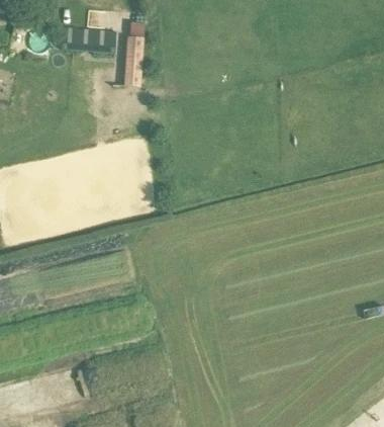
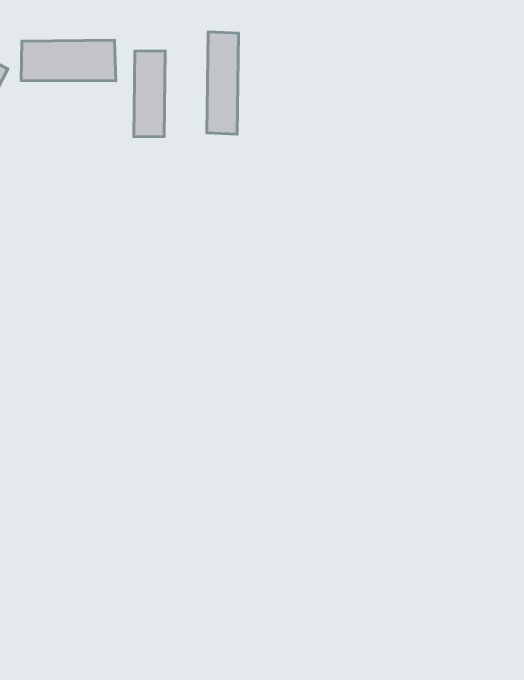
building: none -> [207,32,239,134]

